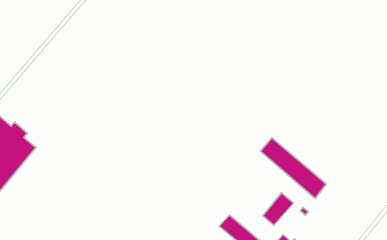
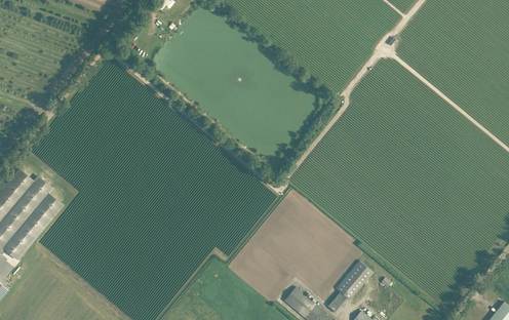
building: [260,138,326,198] -> none

